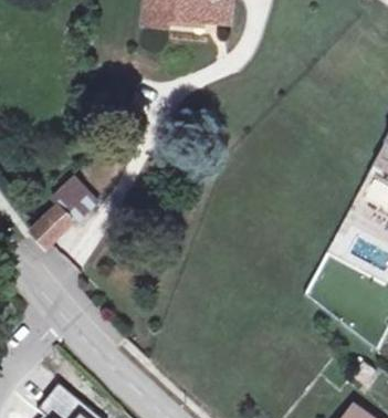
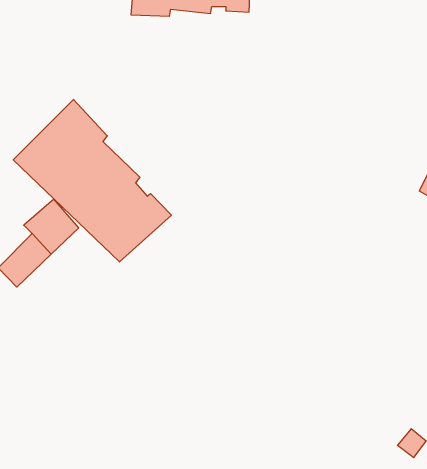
building: none -> [13,99,171,262]

